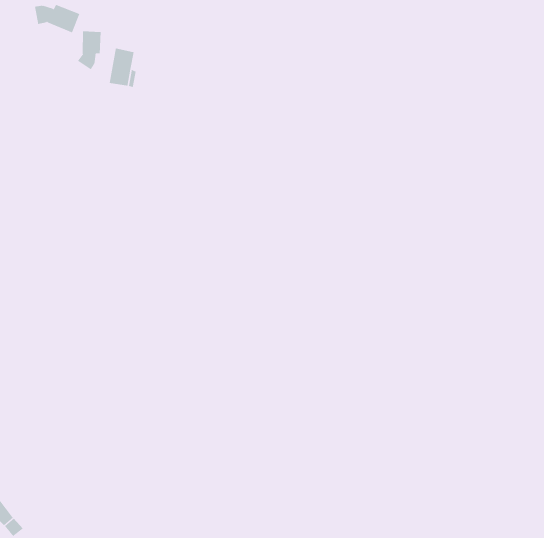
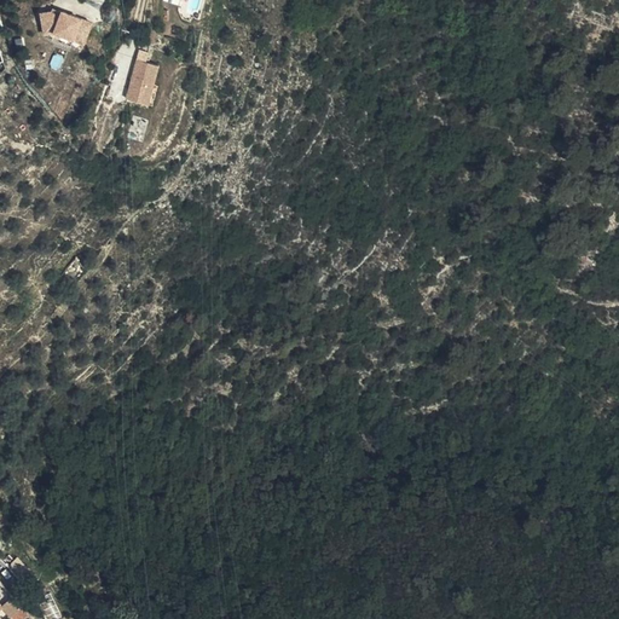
building: [77,31,101,70] -> none

